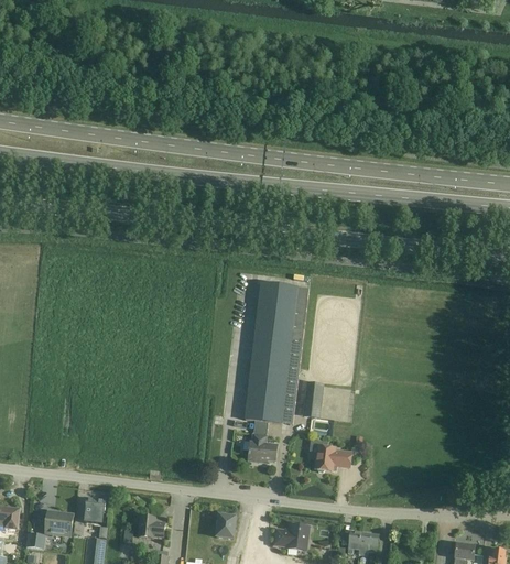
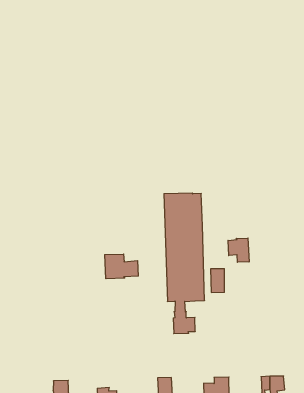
building: none -> [105,254,138,279]
building: none -> [228,238,249,262]
building: [307,438,351,470] -> none

